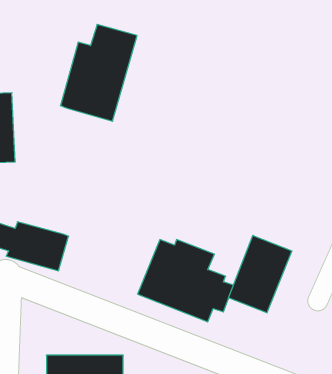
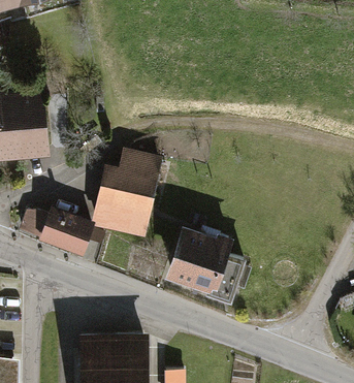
building: [60,24,137,121] -> [93,147,164,236]
building: [229,235,292,313] -> none

